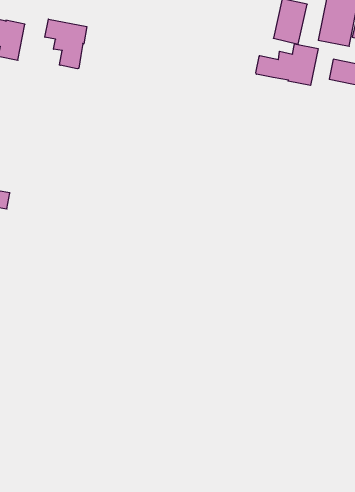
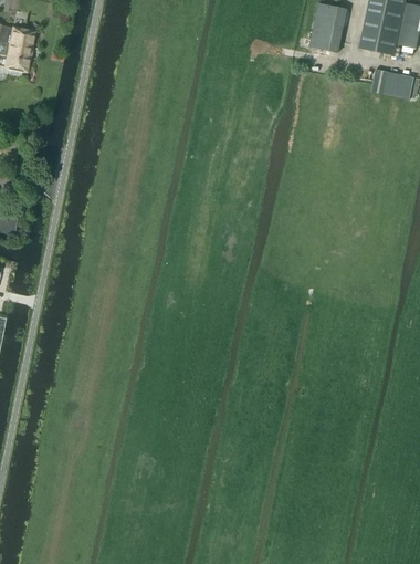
building: [45,19,87,69] -> none
building: [256,44,318,85] -> none

